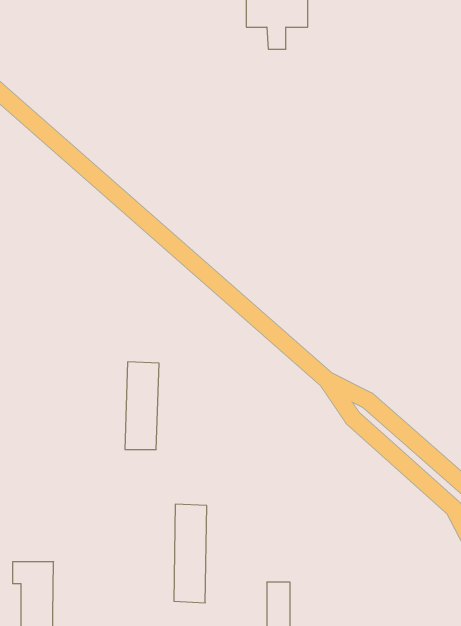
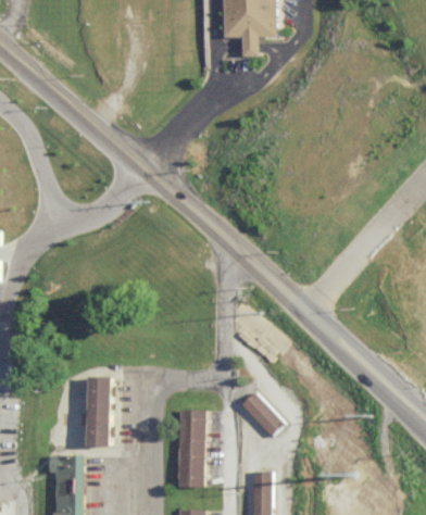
building: [125,362,159,449] -> [85,376,112,445]
building: none -> [238,392,281,437]

